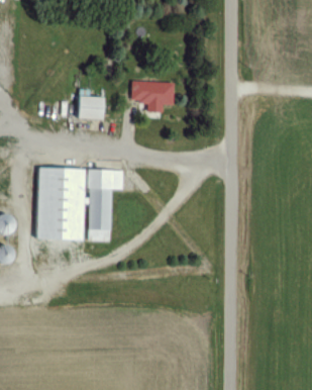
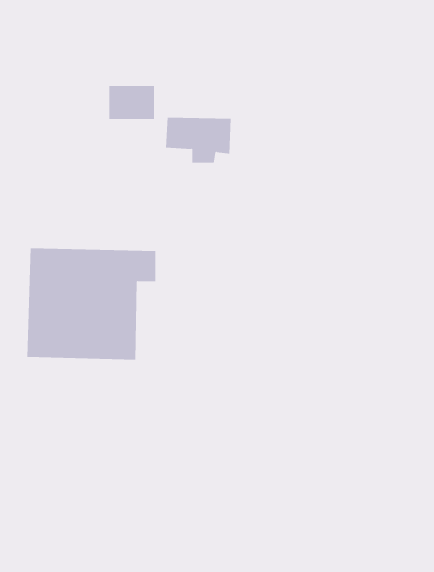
building: [74,96,104,118] -> [108,86,155,119]

